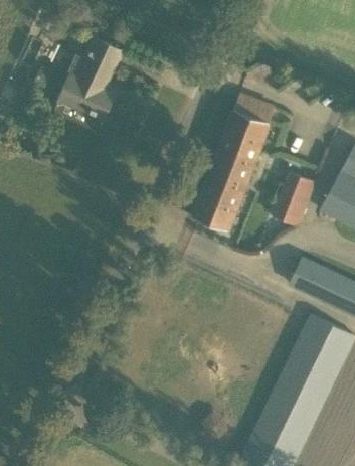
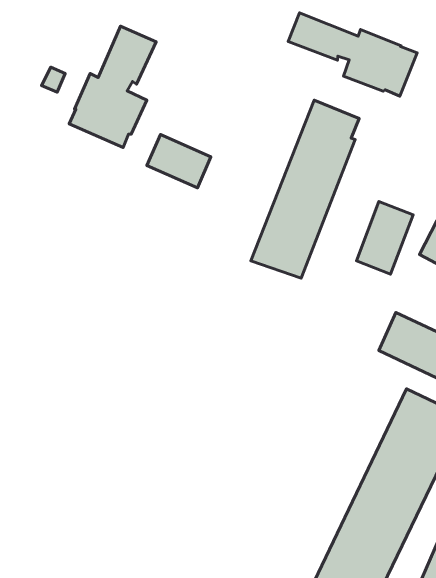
building: none -> [288,13,417,96]
building: none -> [147,134,211,188]

